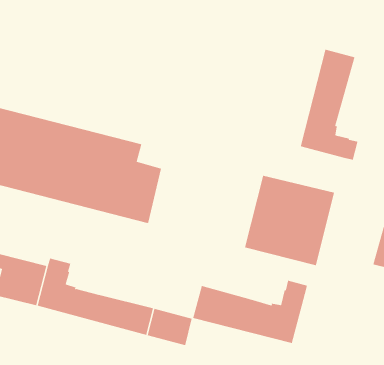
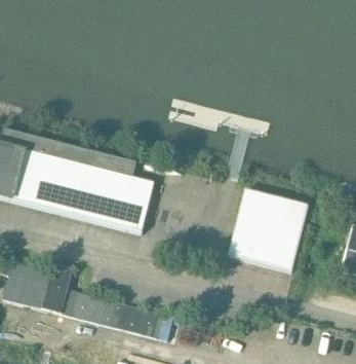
building: [300,49,358,161] -> none
building: [193,280,308,344] -> none

